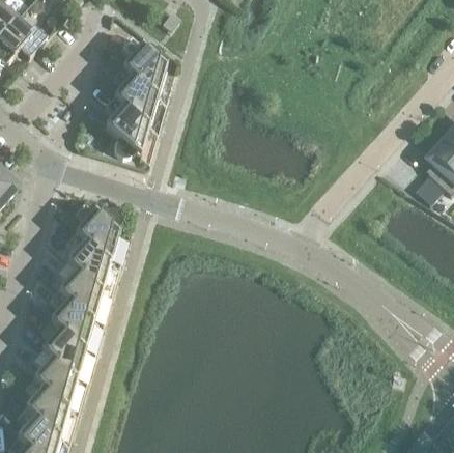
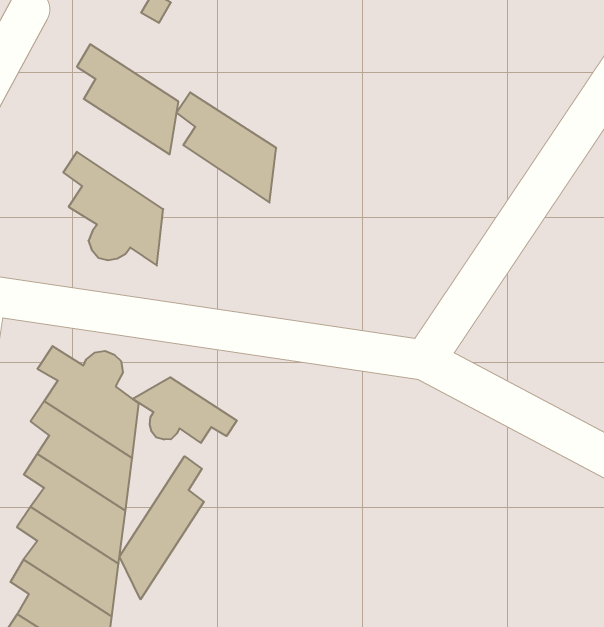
building: [111,65,164,134] -> [177,92,276,203]
building: none -> [133,377,237,443]
building: none -> [120,456,204,599]

